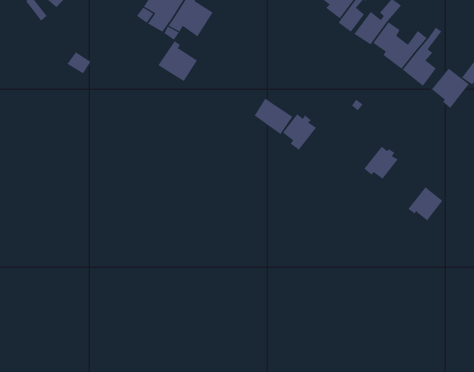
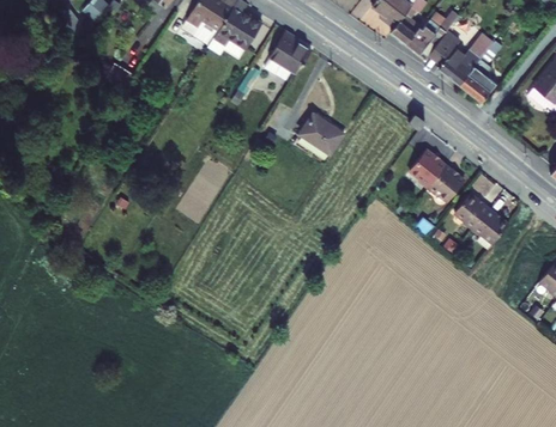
building: [157,40,198,82] -> [265,29,308,73]
building: [431,68,470,109] -> none
building: [282,113,317,150] -> [404,148,441,188]
building: none -> [451,190,488,231]

